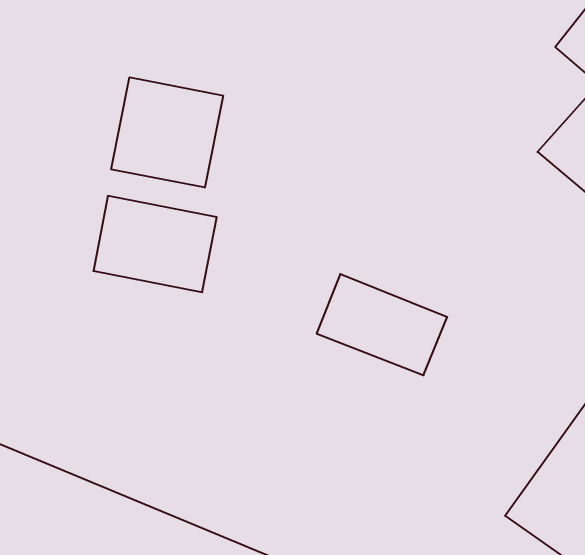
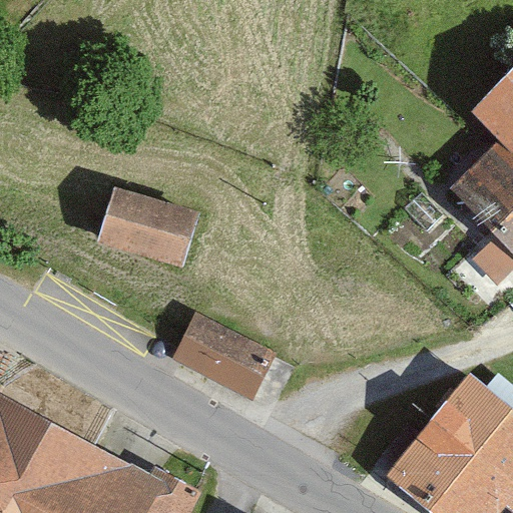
building: [111,77,223,188] -> none
building: [317,274,447,375] -> [168,320,273,406]

